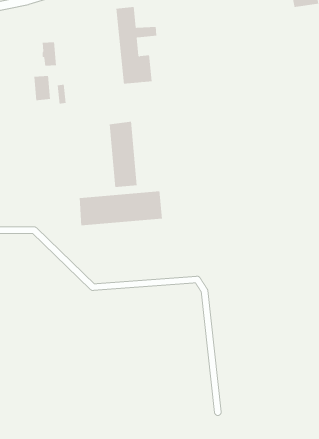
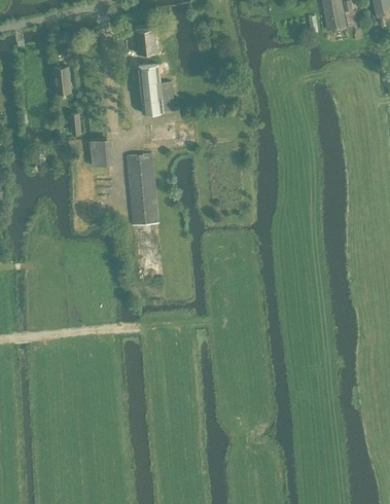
building: [34,75,51,101] -> [90,139,108,167]
building: [79,190,162,226] -> none

